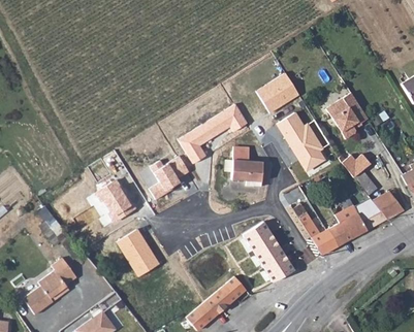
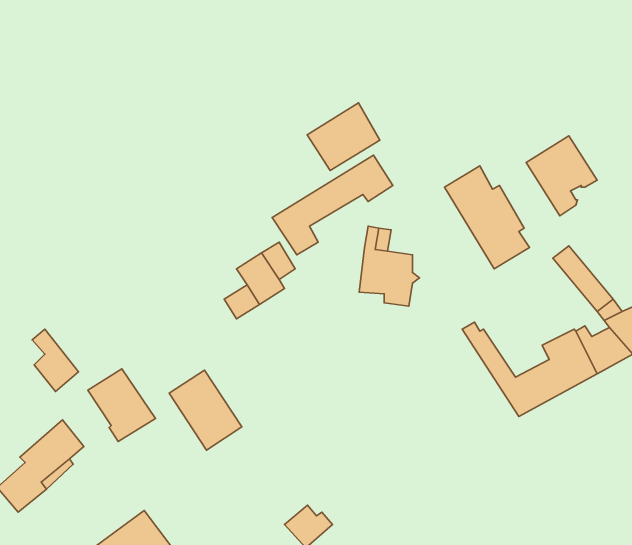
building: [257,72,299,111] -> [307,103,380,170]
building: [99,178,138,221] -> [88,369,155,442]
building: [243,221,294,281] -> none
building: [199,277,246,319] -> none

